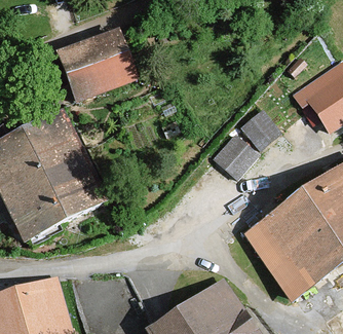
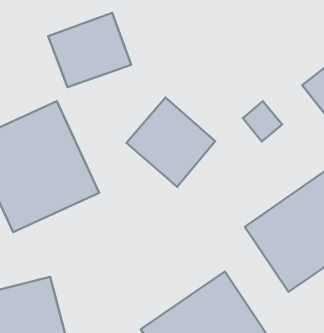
building: none -> [126,98,215,187]
building: [216,135,258,177] -> none

